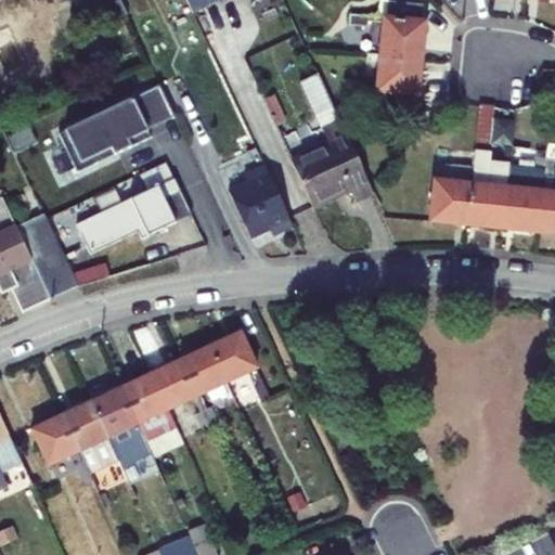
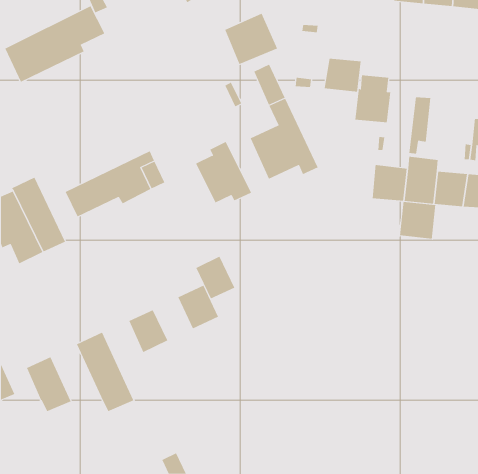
building: none -> [225,13,278,65]
building: [382,15,424,70] -> [355,75,391,123]
building: [61,80,177,169] -> [5,5,105,83]
building: none -> [400,201,436,239]
building: [179,343,224,392] -> [196,256,235,299]
building: [120,370,175,436] -> none
building: [61,397,118,472] -> none

